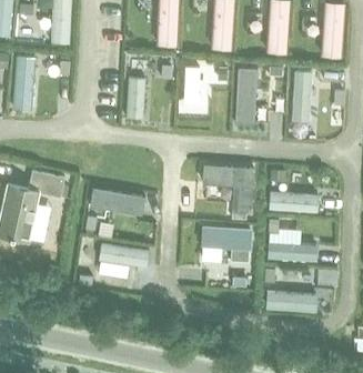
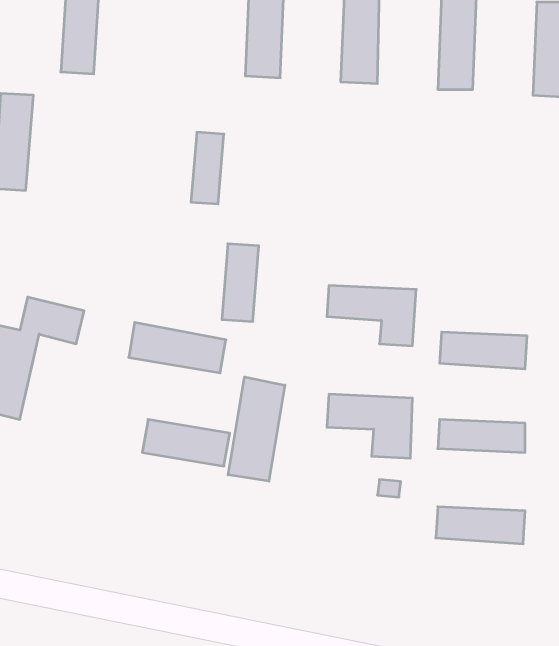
building: [235,68,256,123] -> none
building: [292,71,312,122] -> none
building: [183,75,204,120] -> [222,244,259,321]
building: none -> [228,377,285,481]

